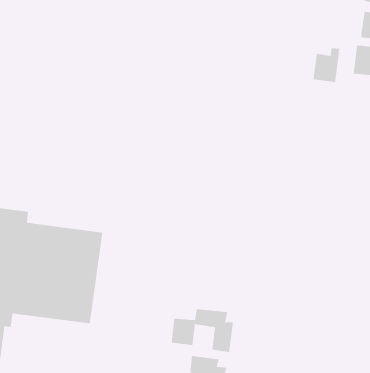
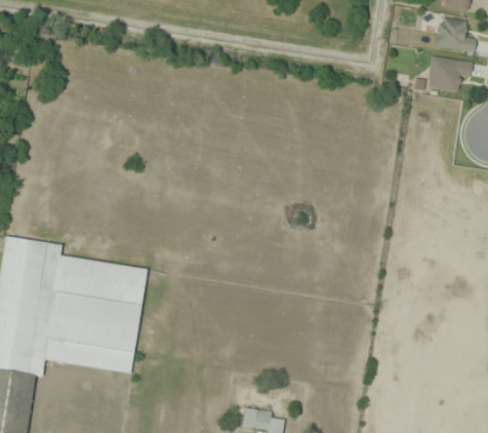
building: [313,48,340,83] -> none
building: [171,308,234,353] -> none

